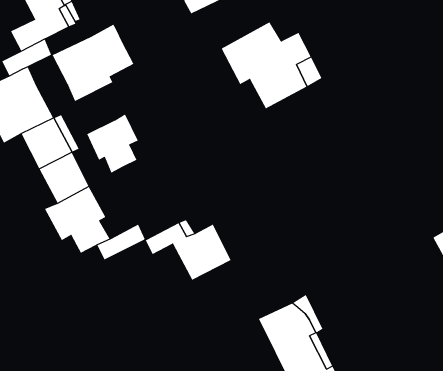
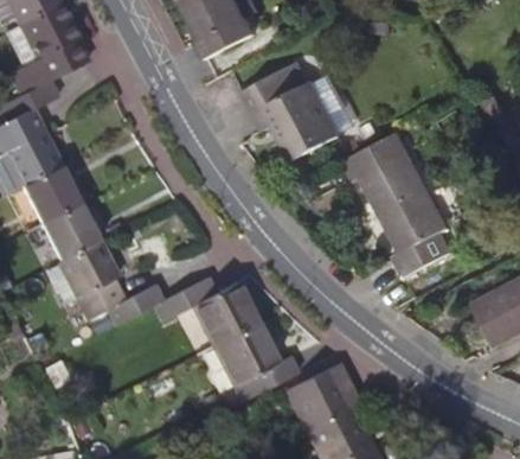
building: [52,24,134,102] -> none
building: none -> [345,132,450,274]
building: [86,114,138,174] -> none
building: none -> [213,325,297,399]

